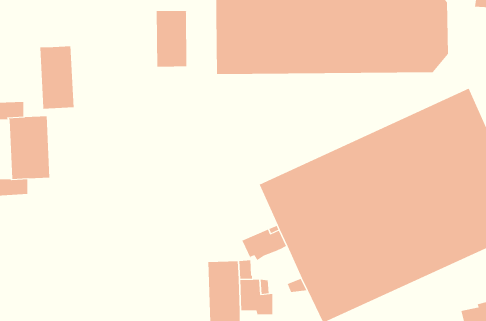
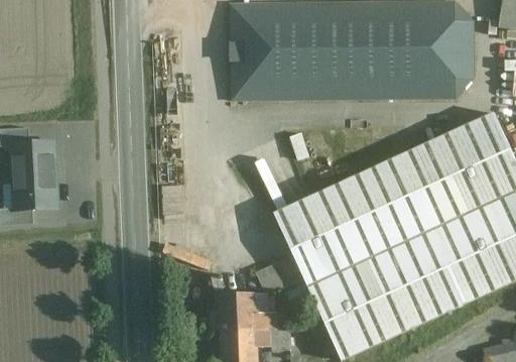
building: [156,10,187,68] -> none
building: [40,45,74,109] -> none

